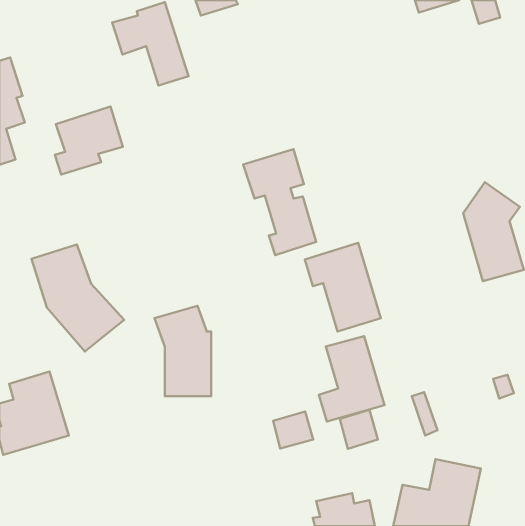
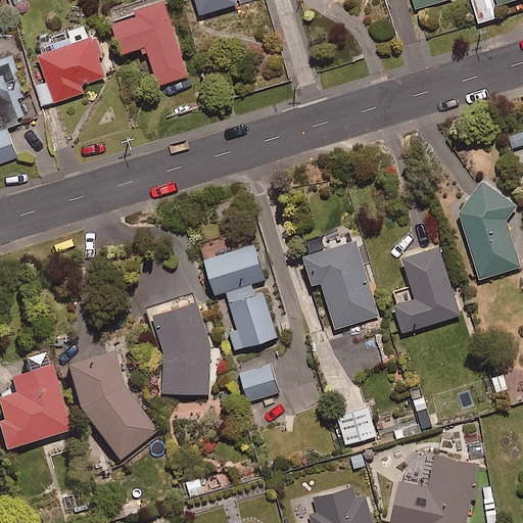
building: [55,107,123,175] -> [37,38,104,105]
building: [243,149,316,255] -> [203,245,276,350]
building: [31,245,124,352] -> [65,355,157,462]
building: [319,336,385,421] -> [394,247,460,332]
building: [273,412,313,449] -> [239,365,279,401]

